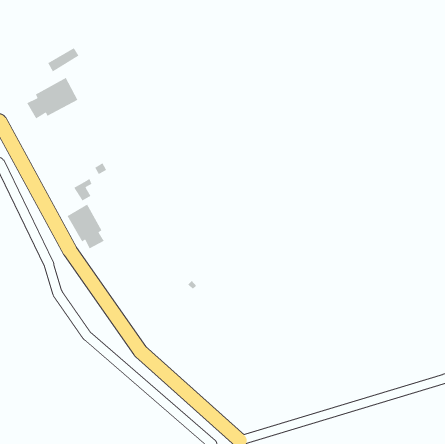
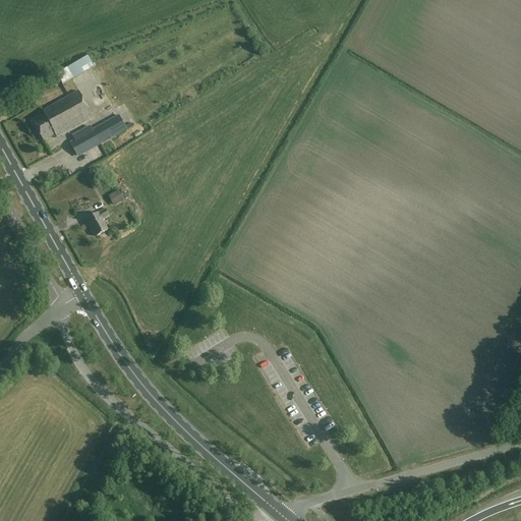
building: none -> [69,114,126,154]
building: [66,203,105,249] -> none

